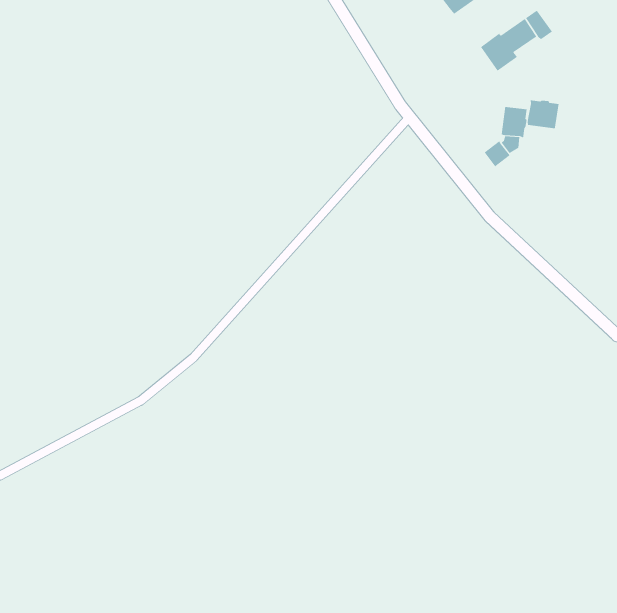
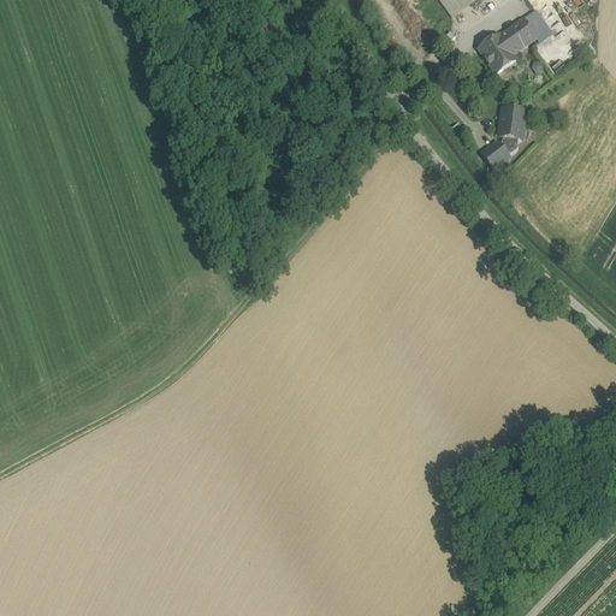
building: [527,99,559,129] -> none

